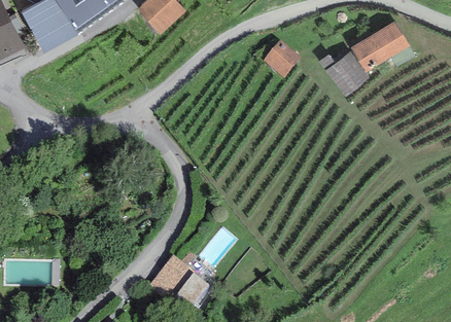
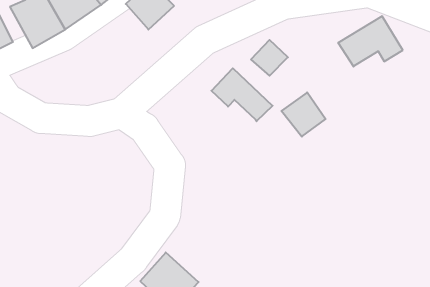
building: [324,47,369,92] -> [281,92,326,137]
building: none -> [211,68,273,121]

